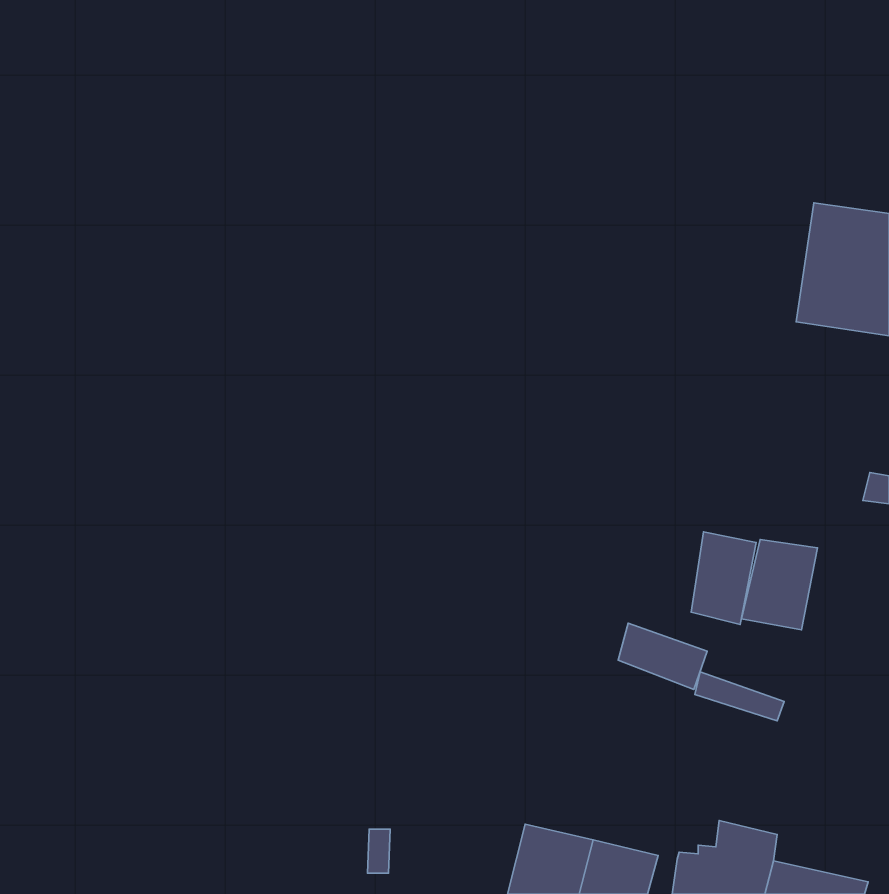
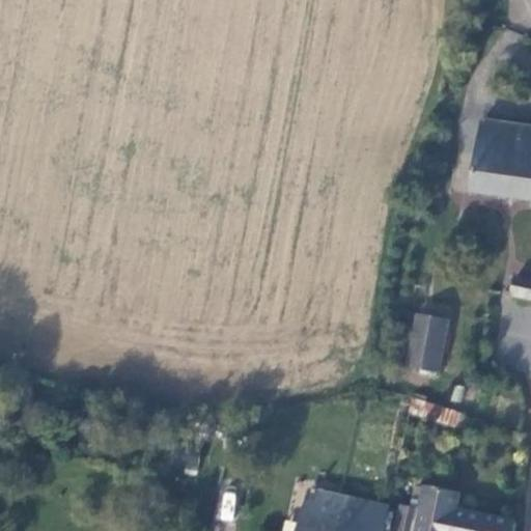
building: [741,540,817,630] -> none
building: [618,623,707,690] -> none

